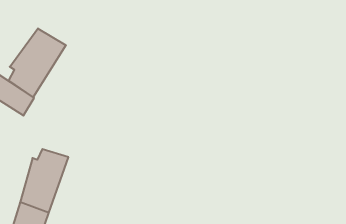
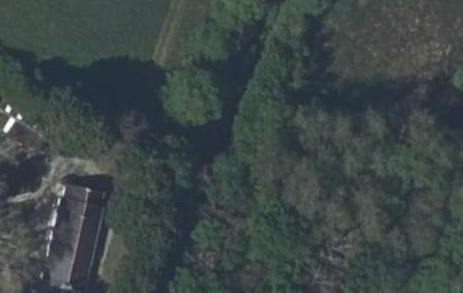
building: [9,28,66,97] -> none

